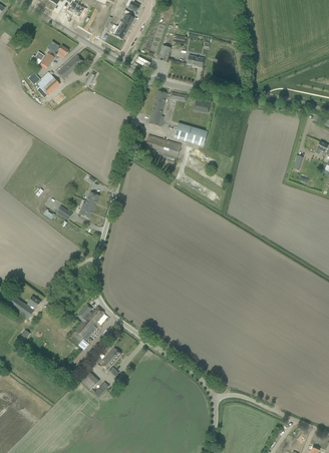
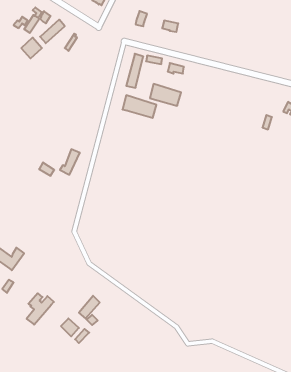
building: [75,303,104,336] -> [27,293,54,325]

